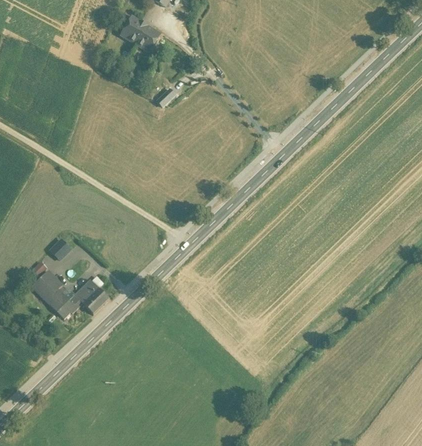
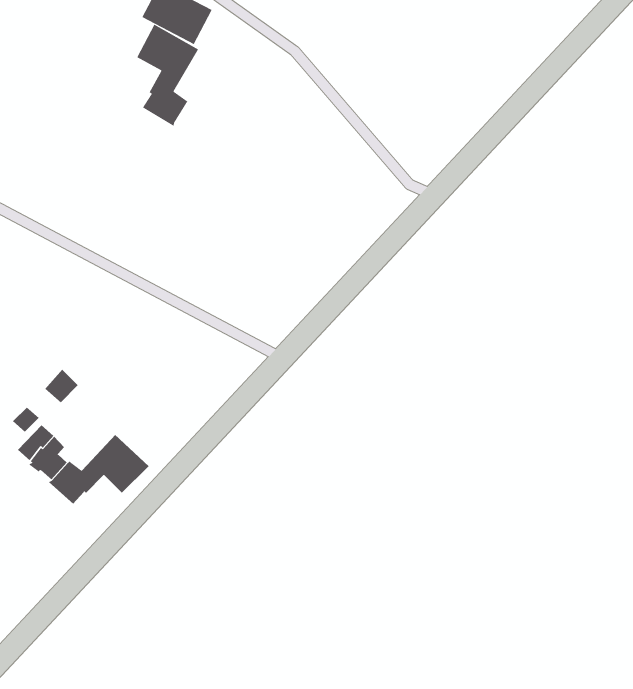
building: none -> [137,24,199,127]

